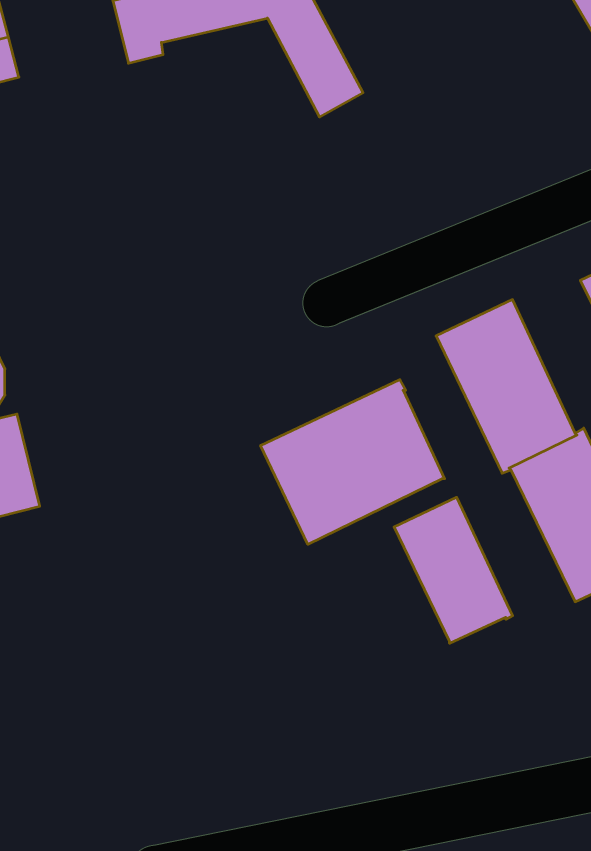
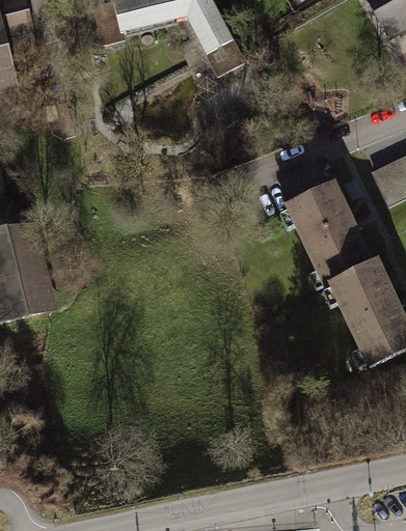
building: [261,380,445,544] -> none
building: [394,497,513,643] -> none

